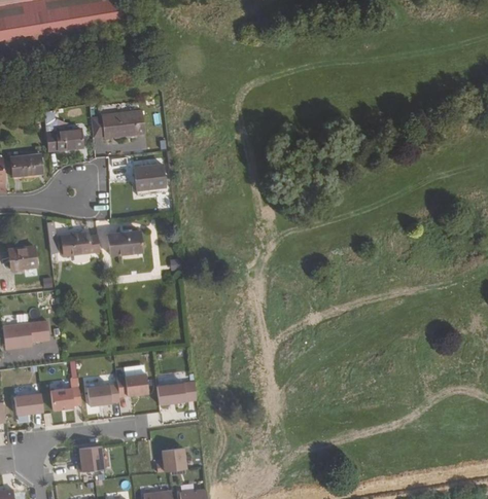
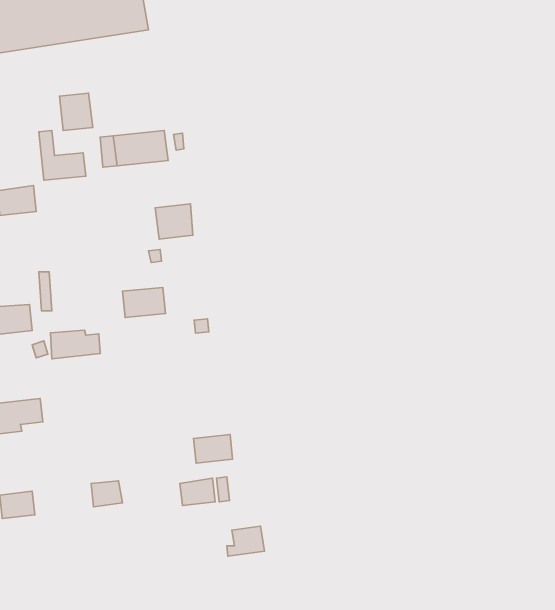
building: none -> [60,93,93,131]
building: [61,230,100,253] -> [50,330,100,359]
building: [115,372,146,395] -> [193,434,233,463]
building: [48,377,79,408] -> none
building: [76,444,102,470] -> none
building: [155,448,185,471] -> [227,526,265,556]

